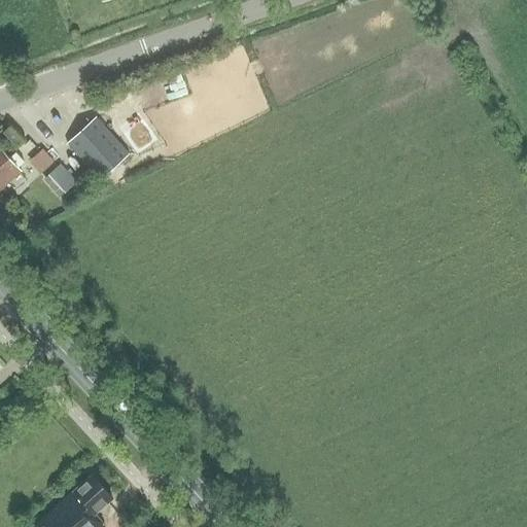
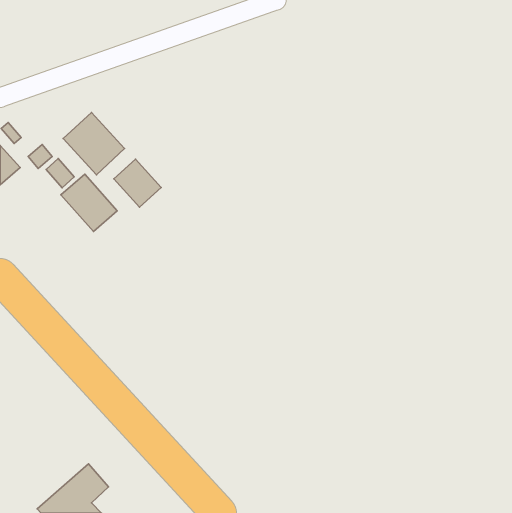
building: none -> [114,159,161,207]
building: none -> [61,174,117,231]

